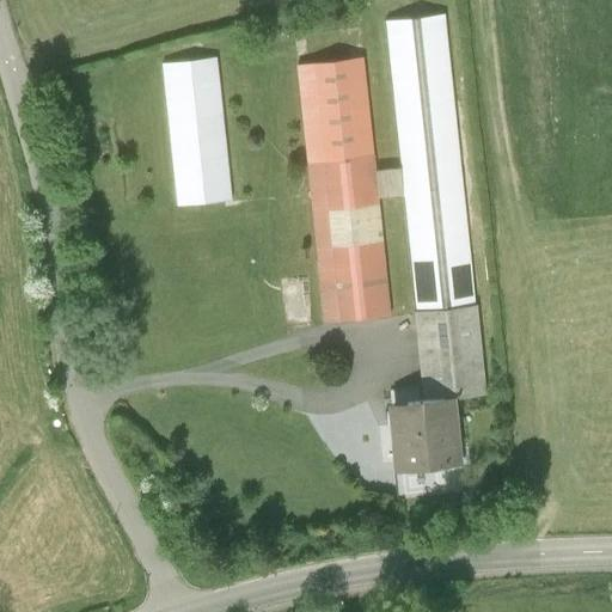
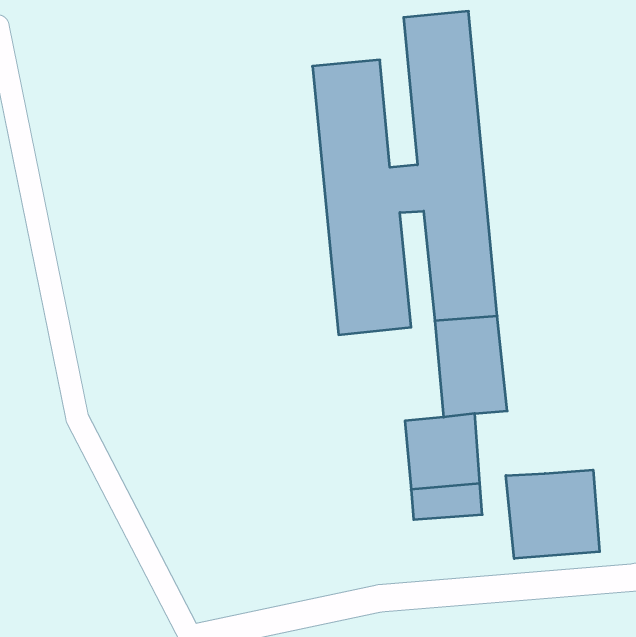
building: [163,59,234,201] -> none
building: none -> [506,470,600,559]

